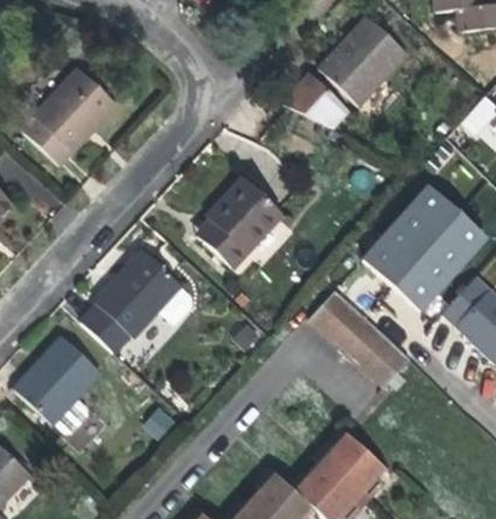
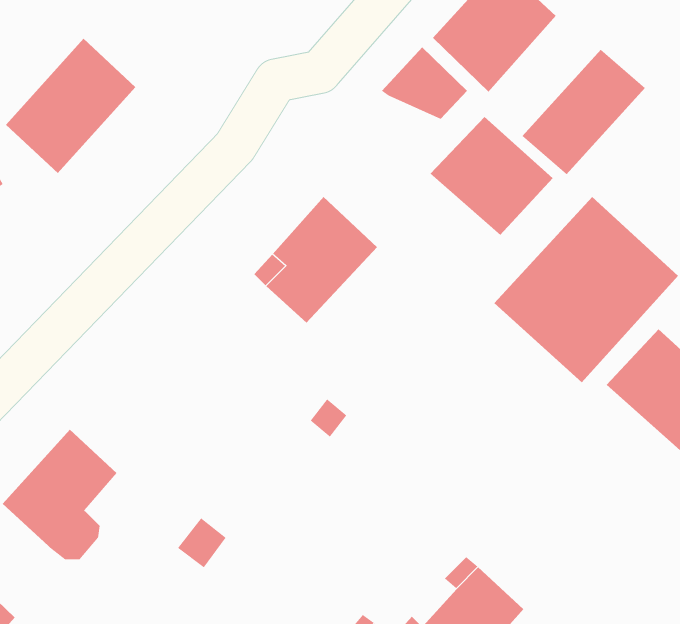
building: none -> [522,49,646,175]
building: none -> [430,116,554,236]
building: [82,252,183,356] -> none
building: [310,292,408,387] -> none

